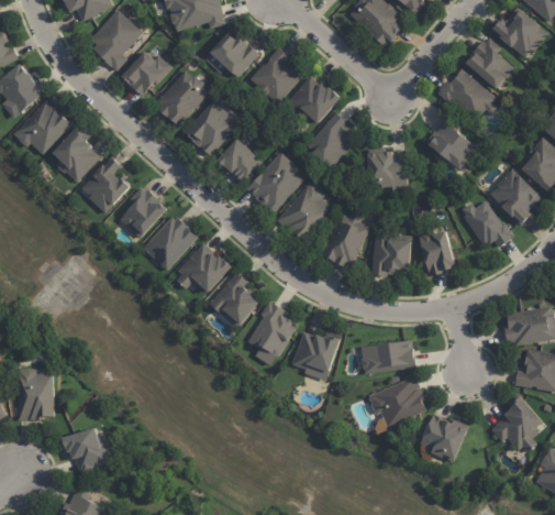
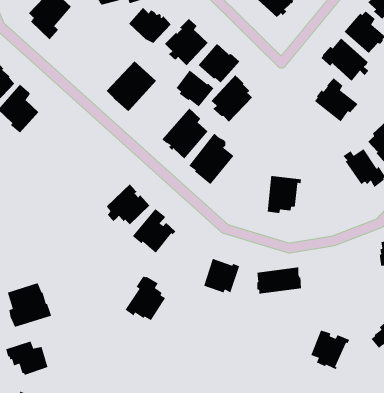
building: [119,52,173,97] -> none
building: [154,70,207,127] -> none
building: [214,138,260,183] -> [176,70,214,108]
building: [363,151,406,195] -> none
building: [86,157,130,212] -> none
building: [124,186,167,237] -> none
building: [321,209,370,269] -> none
building: [143,217,199,271] -> none
building: [419,227,454,276] -> none
building: [246,303,296,357] -> [124,276,166,321]
building: none -> [7,282,52,328]
building: [366,376,424,429] -> none

